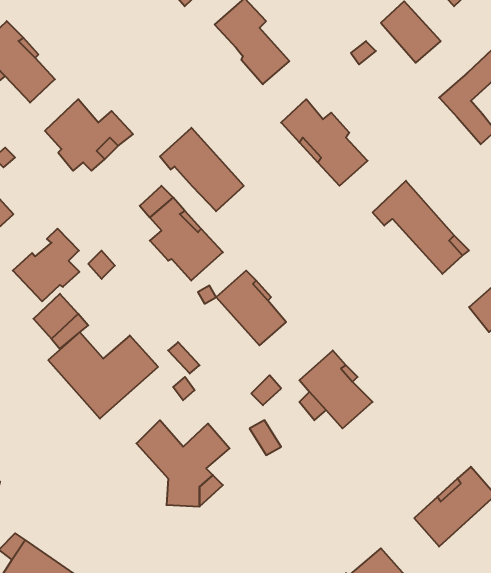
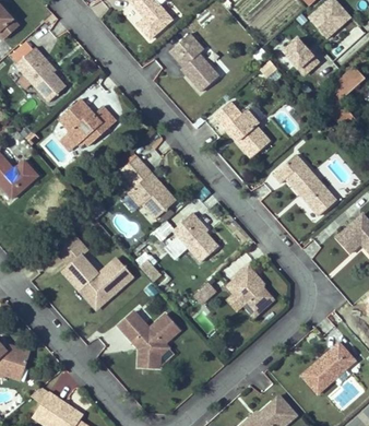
building: [160,128,244,211] -> none
building: [13,229,79,301] -> none

